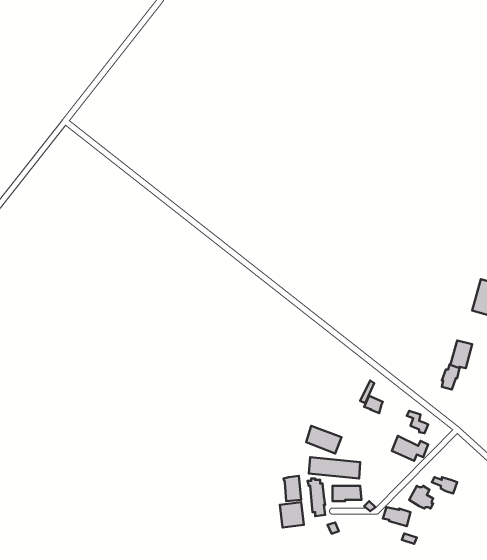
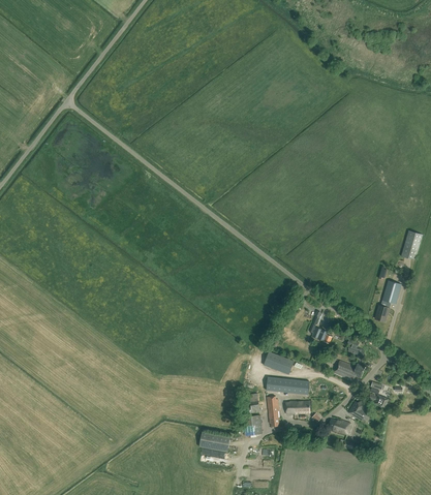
building: none -> [198,431,229,452]

